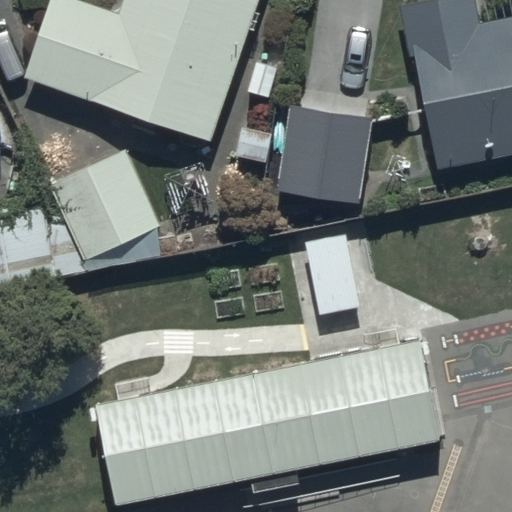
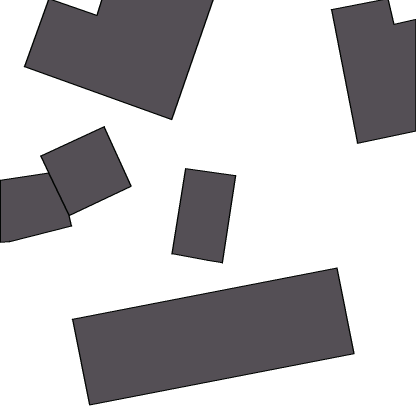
building: [275,104,378,215] -> none
building: none -> [172,169,236,263]

